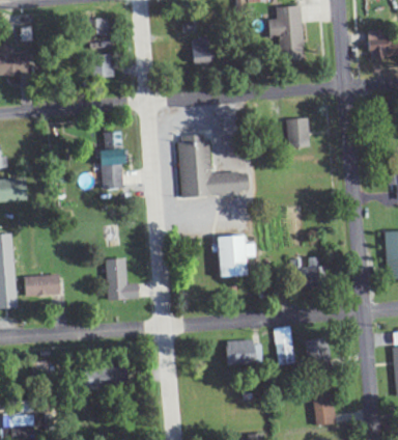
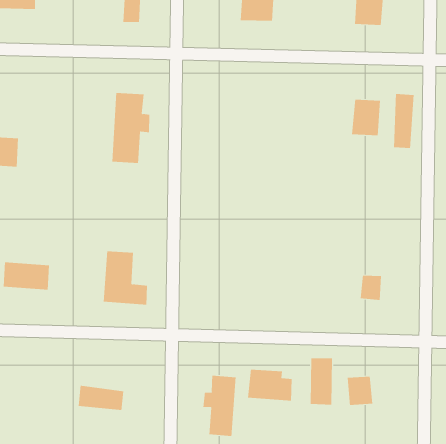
building: none -> [393,93,414,149]
building: [179,134,251,196] -> none
building: [217,235,257,275] -> none
building: none -> [203,375,236,437]

